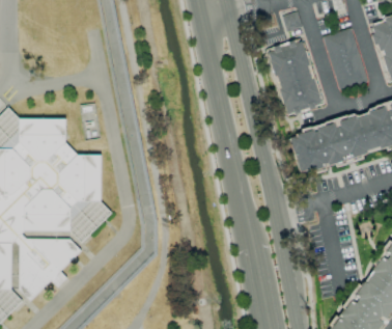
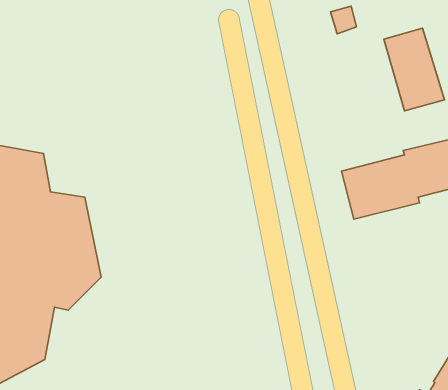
building: [268,38,320,114] -> none

